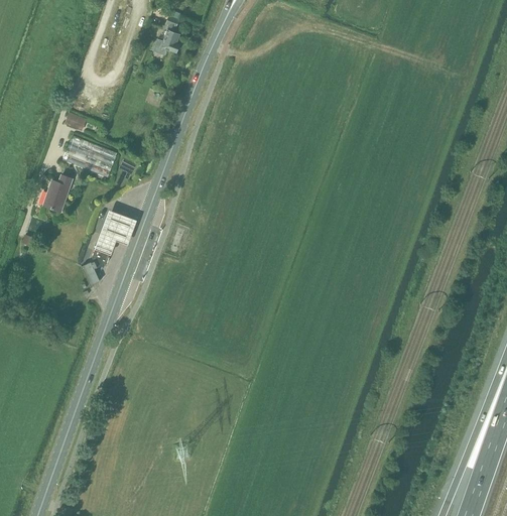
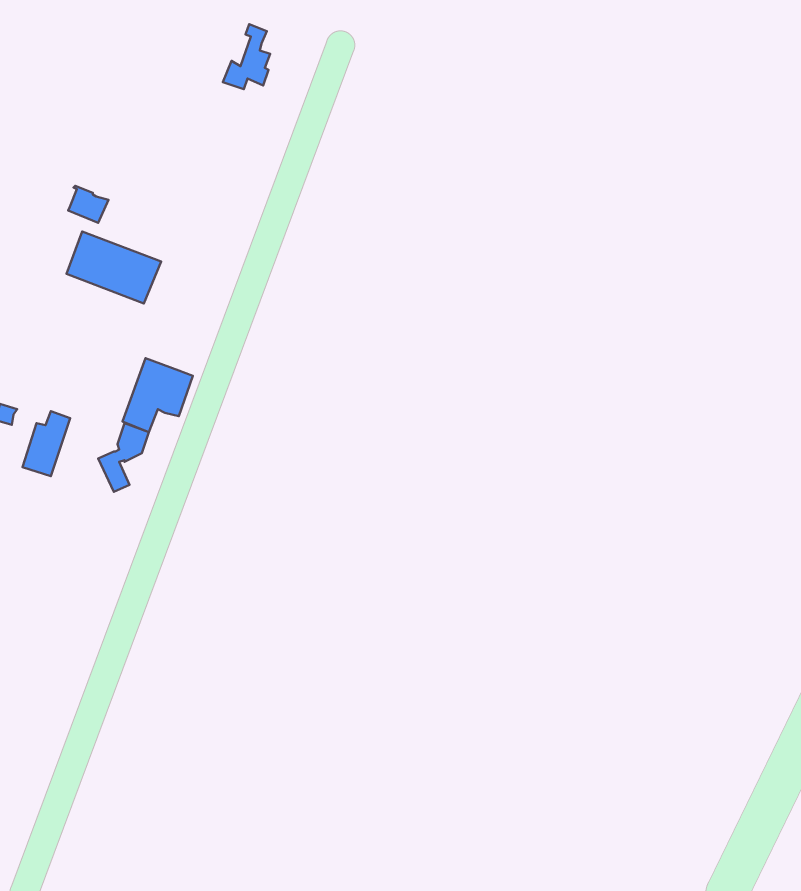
building: [44,173,72,211] -> [23,411,70,476]

